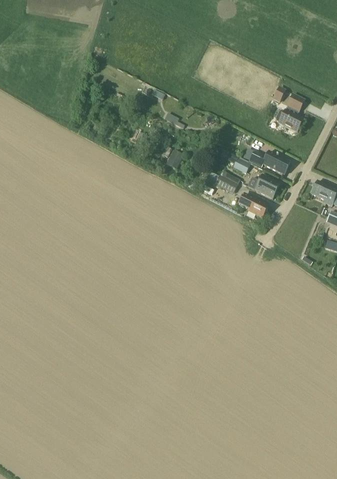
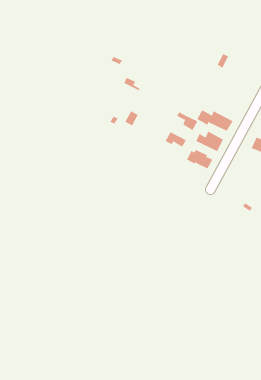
building: [275,93,305,131] -> none

